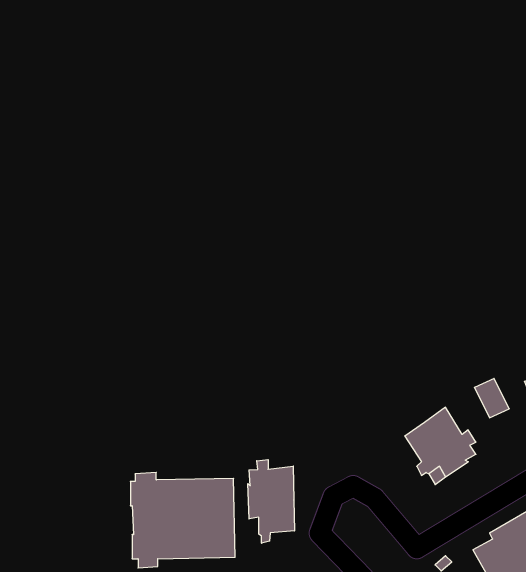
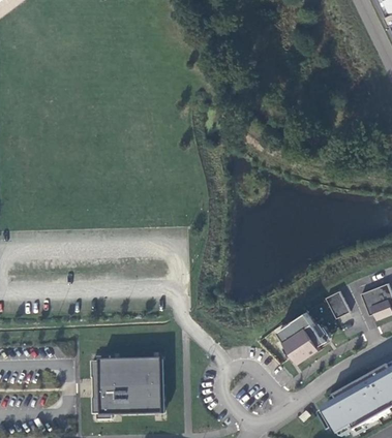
building: [248,460,294,543] -> none

